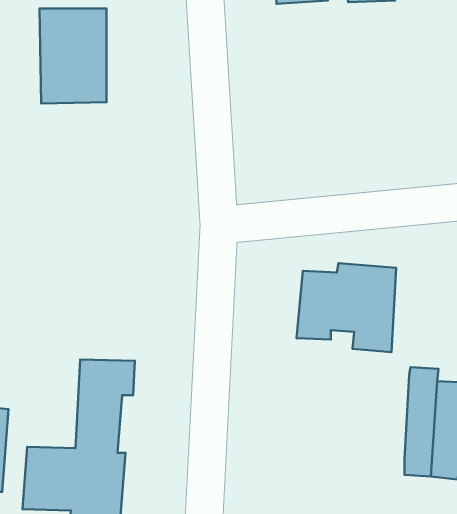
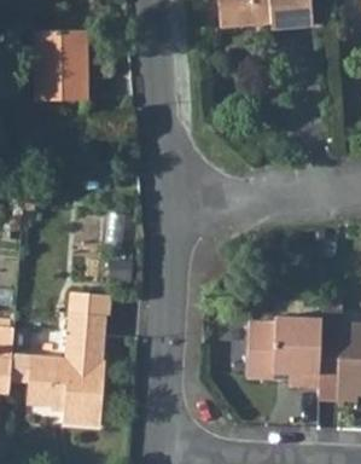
building: [296,263,396,352] -> [245,311,322,379]

